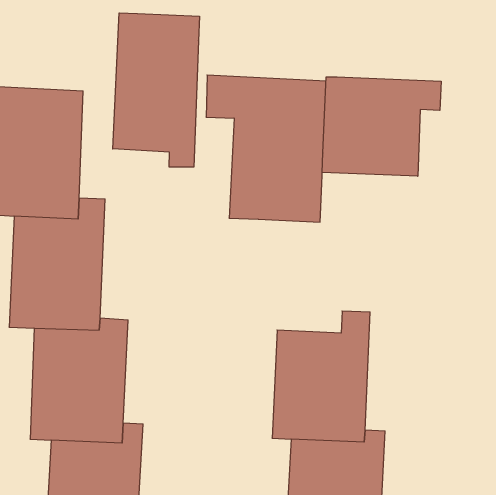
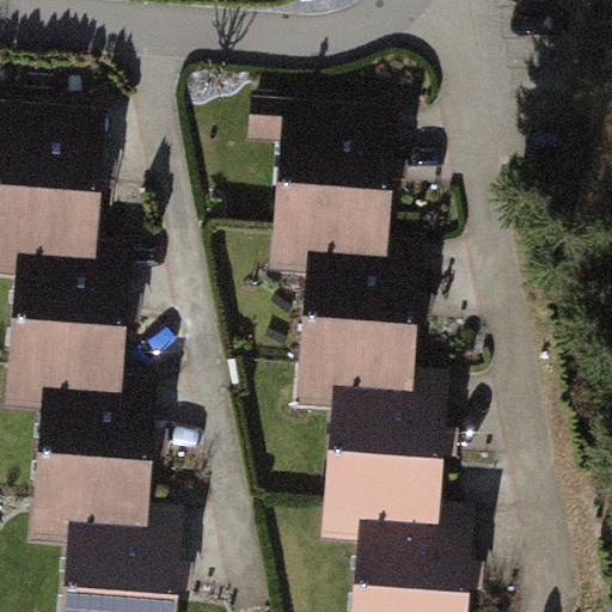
building: [113,13,199,167] -> none
building: [322,77,441,176] -> none
building: none -> [302,257,415,417]

